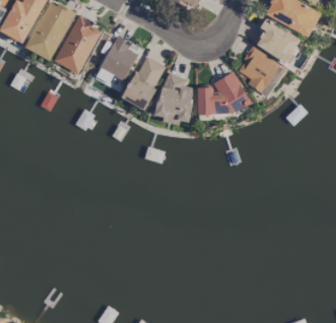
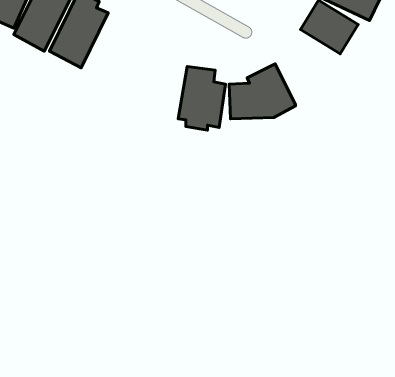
building: [99,36,137,80] -> none
building: [237,46,280,93] -> none
building: [123,55,165,110] -> none

